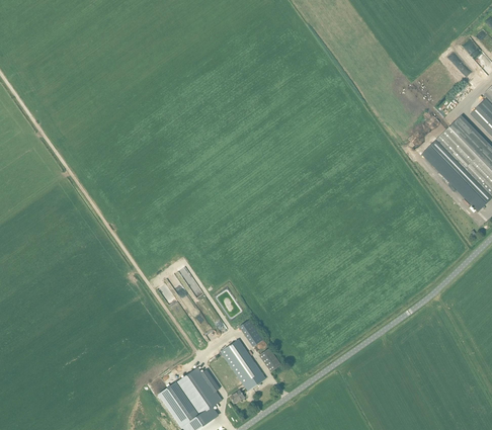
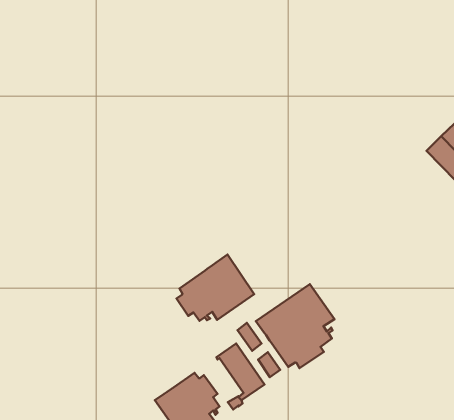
building: none -> [176,254,254,321]
building: none -> [256,284,334,368]

